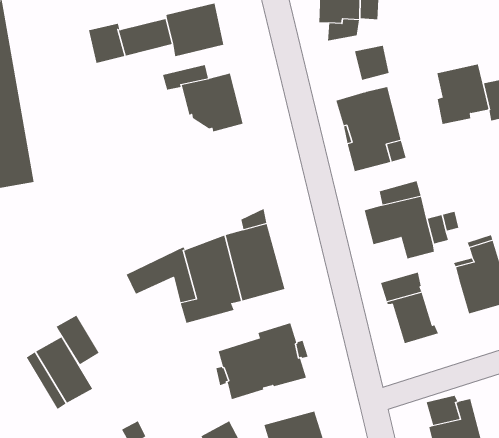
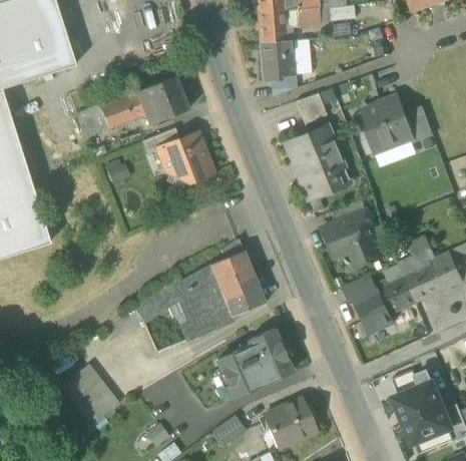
building: none -> [374,278,416,316]
building: [55,315,100,365] -> none

